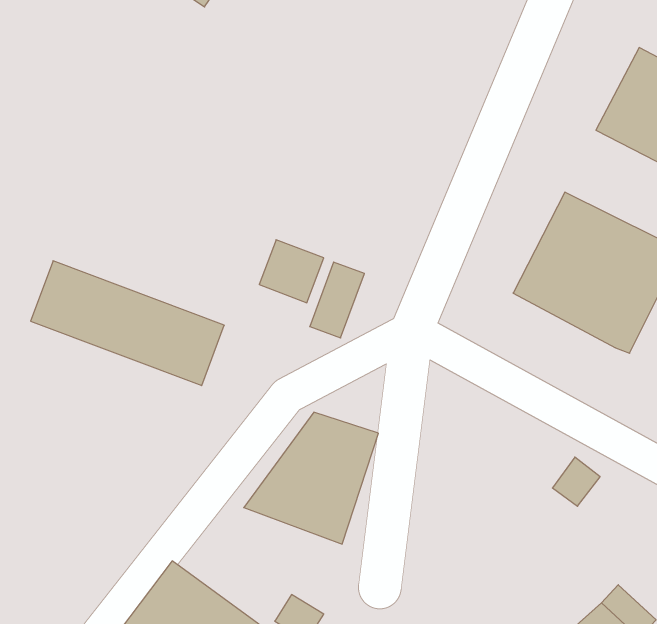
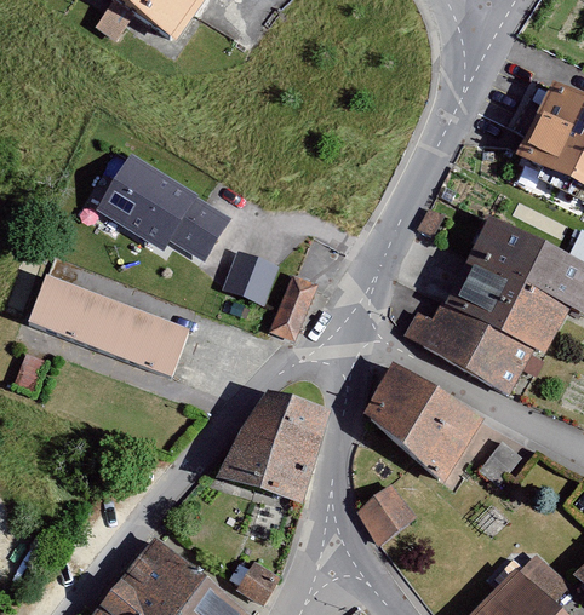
building: none -> [98,159,234,266]
building: none -> [403,299,532,387]
building: none -> [366,367,486,485]
building: none -> [355,485,413,542]

